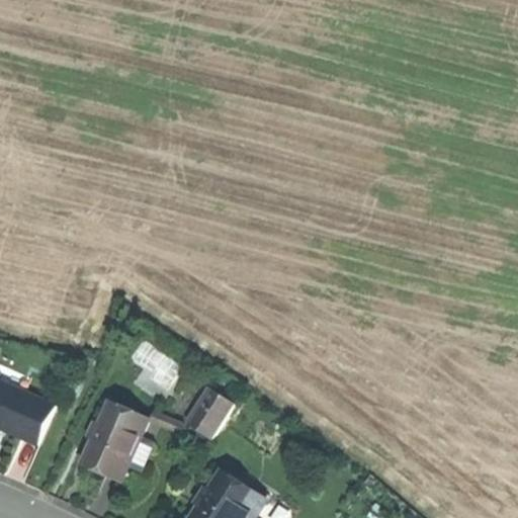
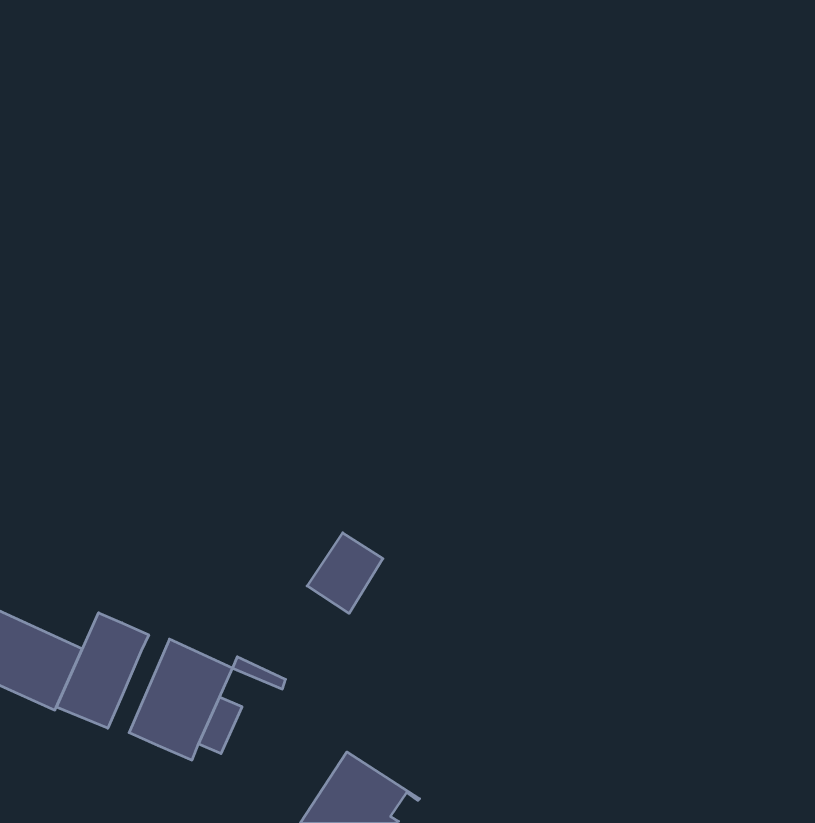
building: none -> [57,613,149,728]
building: [183,388,231,439] -> [307,533,383,613]

